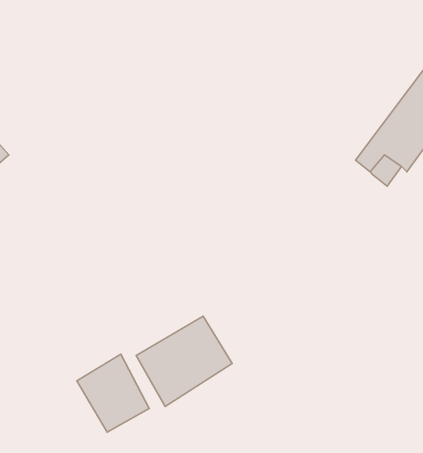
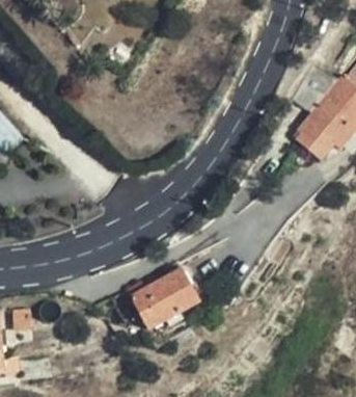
building: [77,354,149,432] -> none

